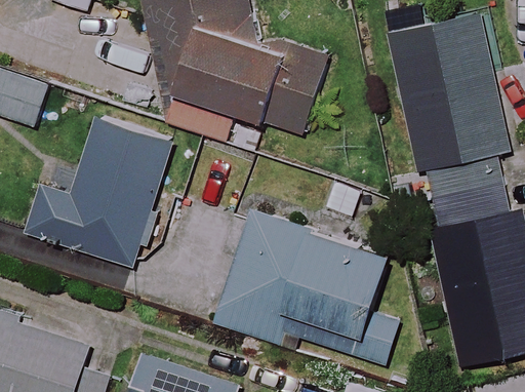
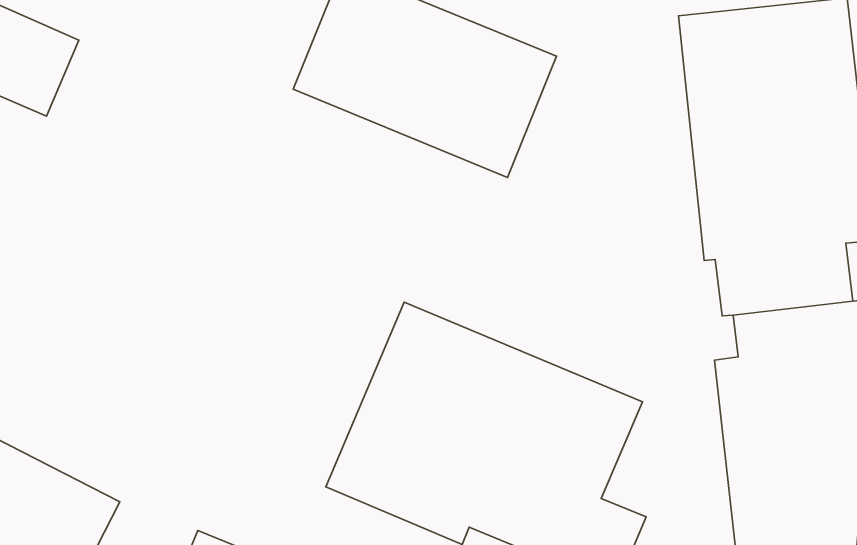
building: [23,117,171,266] -> none

